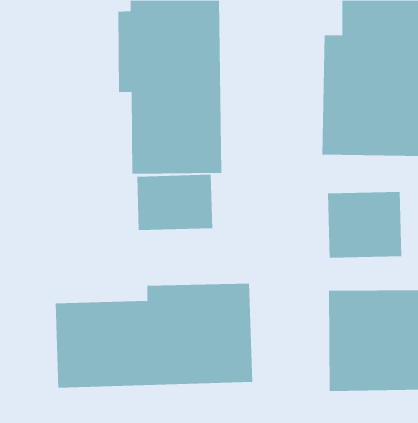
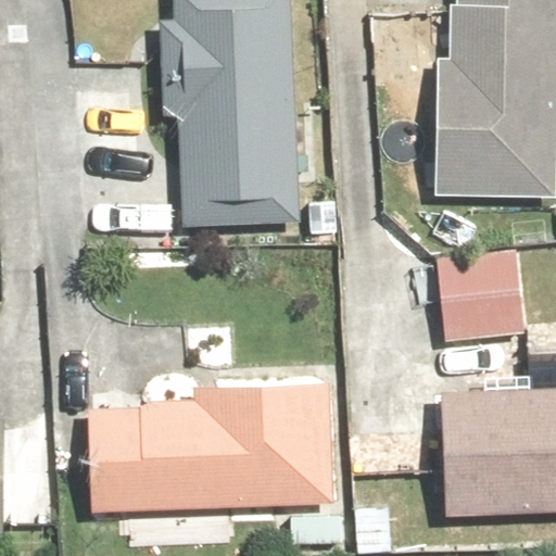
building: [137,174,213,231] -> none

